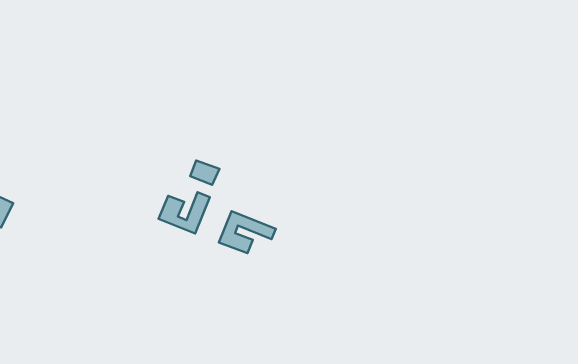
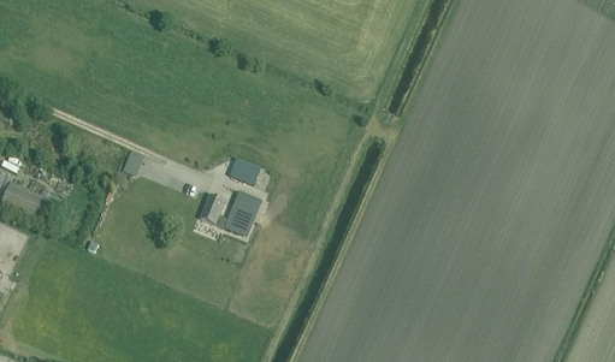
building: [219,211,276,253] -> none

